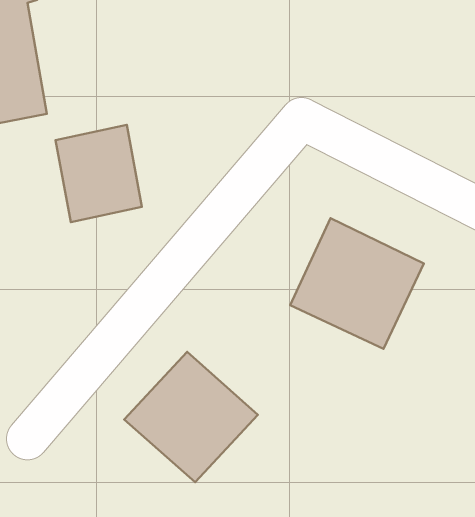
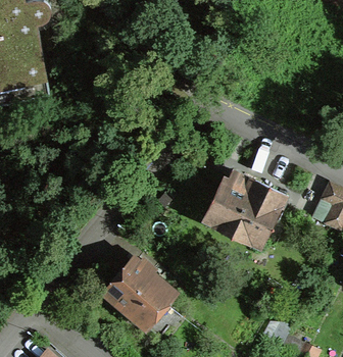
building: [56,125,142,222] -> none

